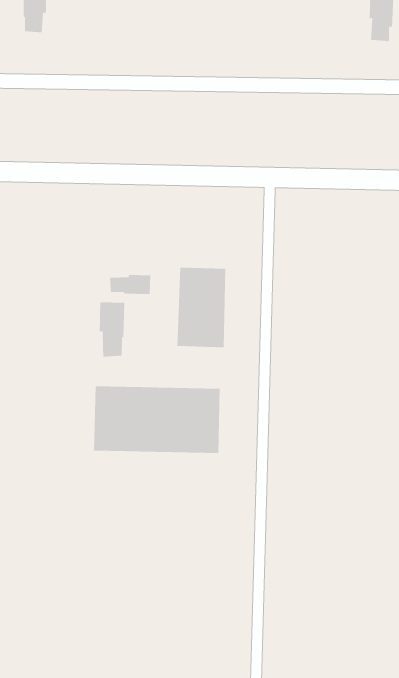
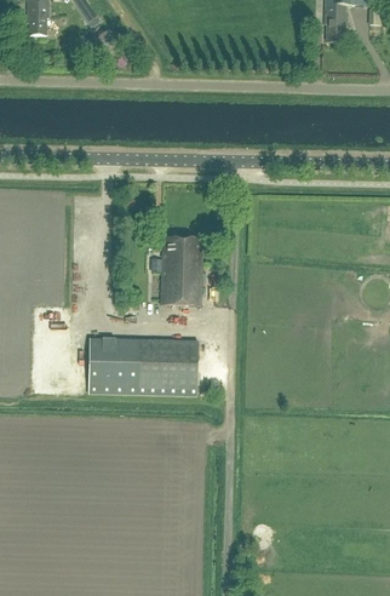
building: [110,274,151,295] -> none
building: [99,302,125,357] -> none

